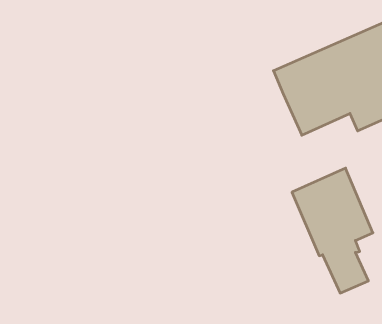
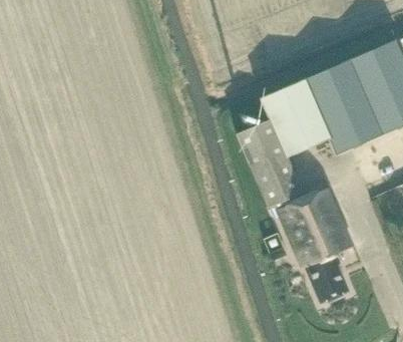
building: none -> [238,119,303,208]

